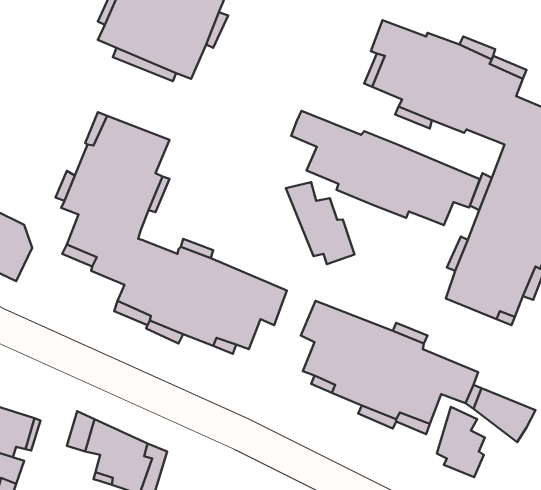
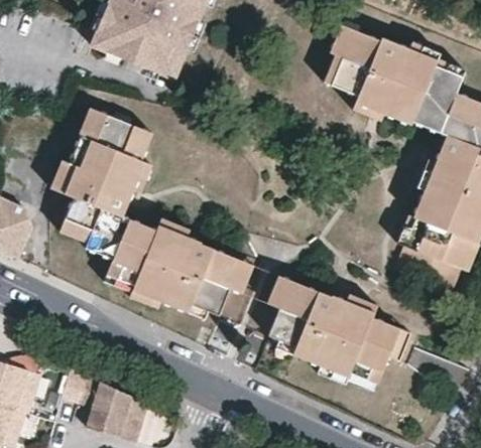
building: [291,111,480,225] -> none
building: [286,182,354,264] -> none
building: [437,407,485,477] -> none

